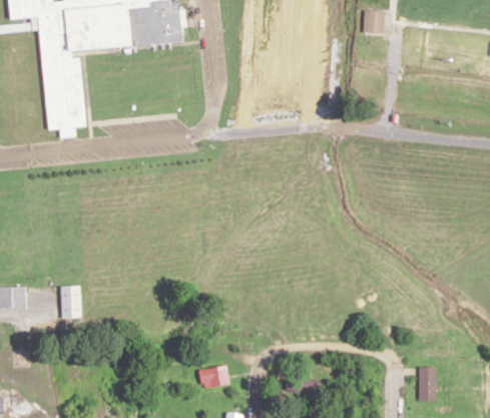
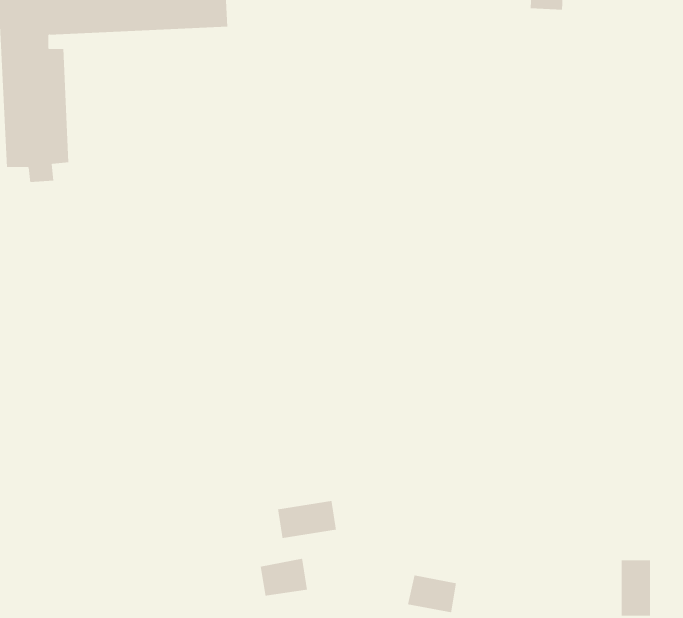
building: [60,285,80,318] -> none
building: none -> [277,500,336,539]

